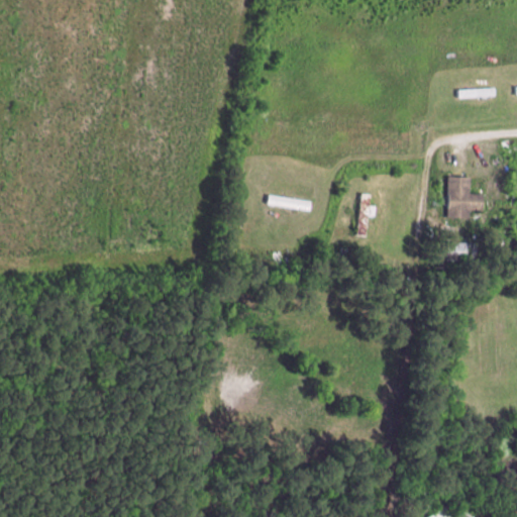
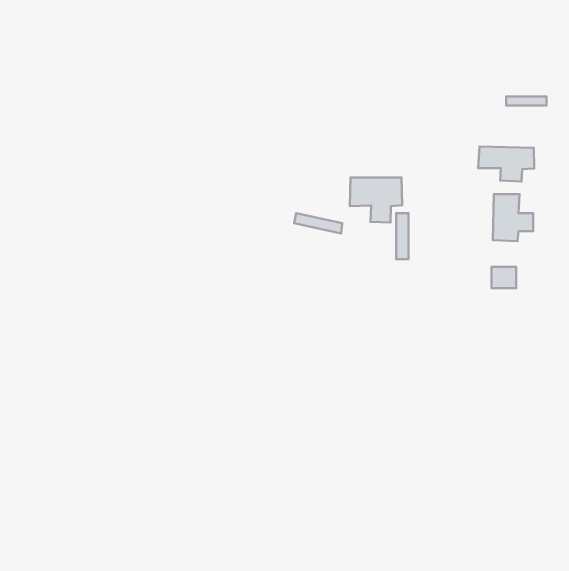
building: none -> [478,146,534,181]
building: none -> [350,177,402,222]

